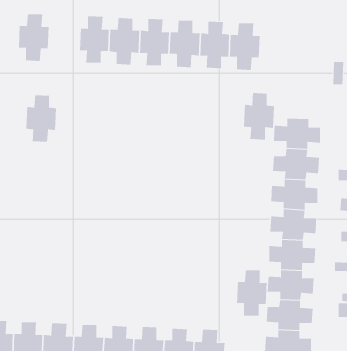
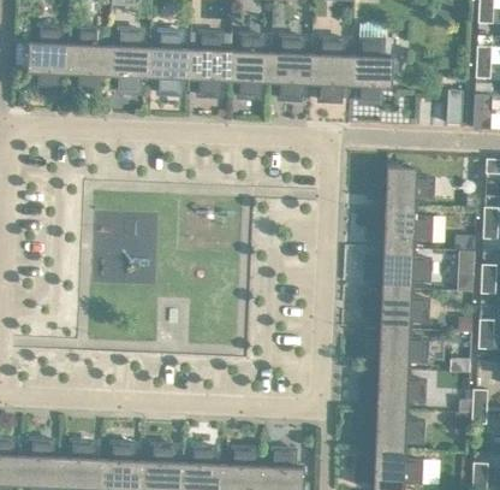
building: [243,93,275,140] -> [352,39,394,102]
building: [25,95,57,142] -> [70,26,112,90]
building: [236,270,267,317] -> none

